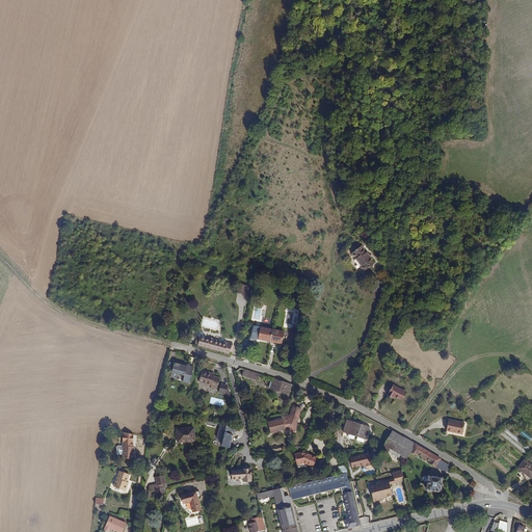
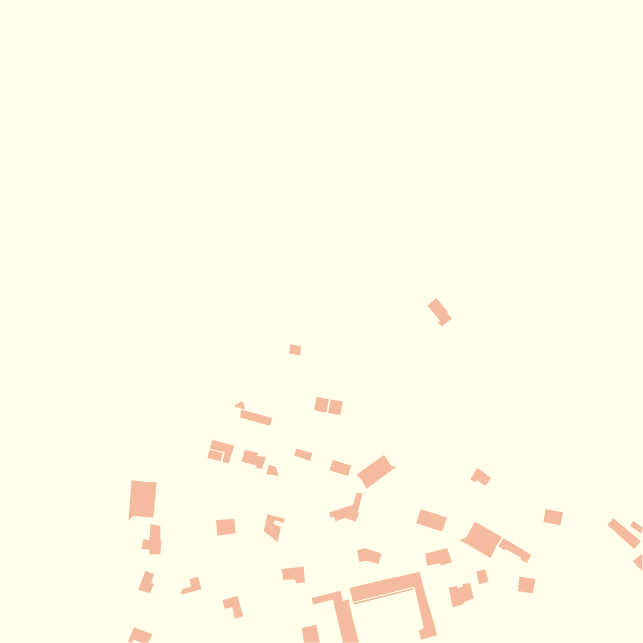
building: none -> [355,454,399,490]
building: none -> [128,479,157,522]

